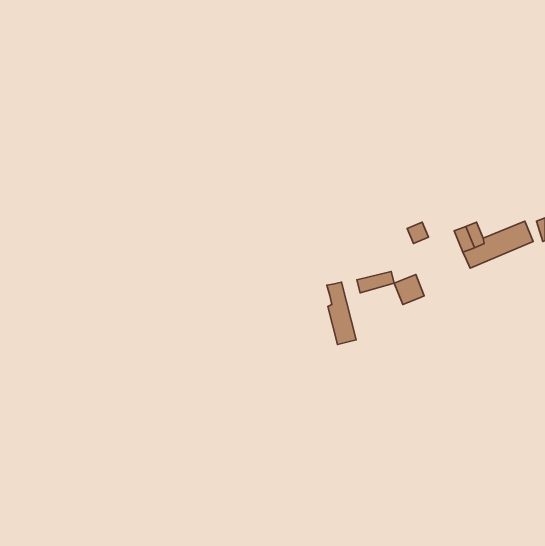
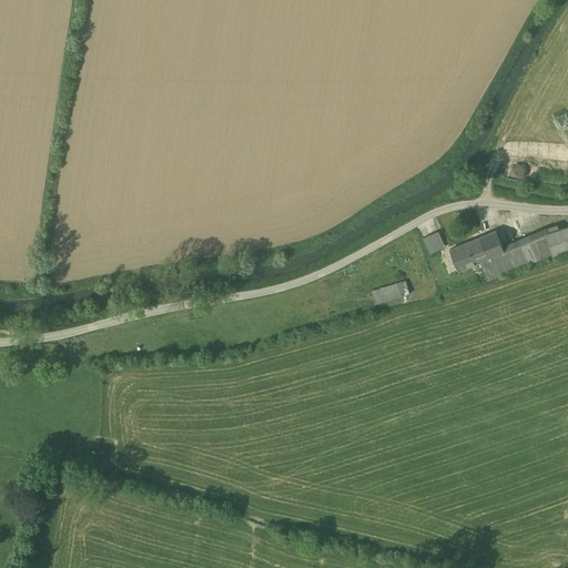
building: [394,275,424,305] -> [449,240,480,271]
building: [327,282,356,344] -> none

